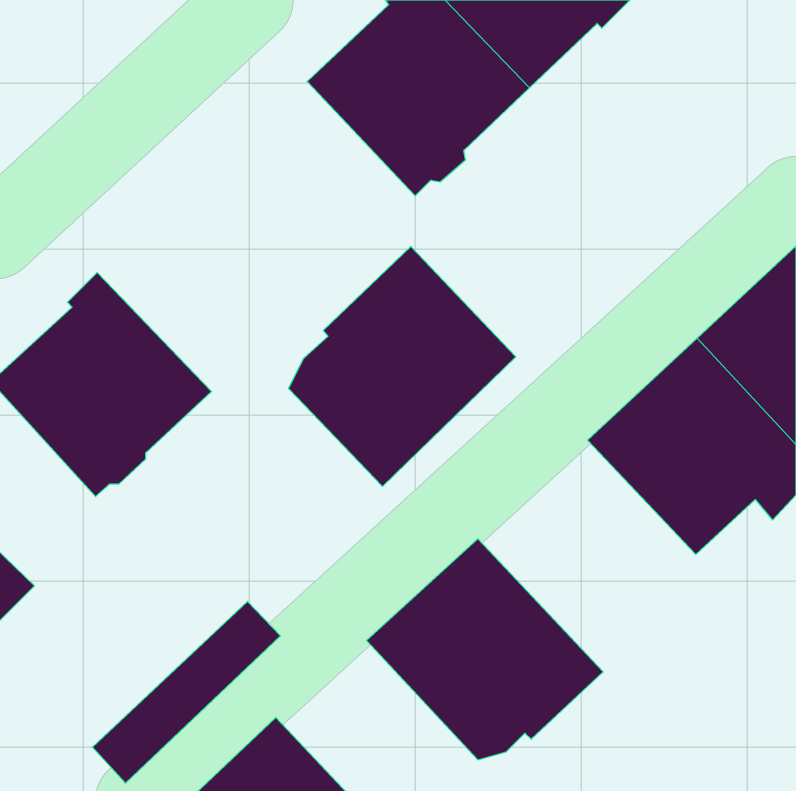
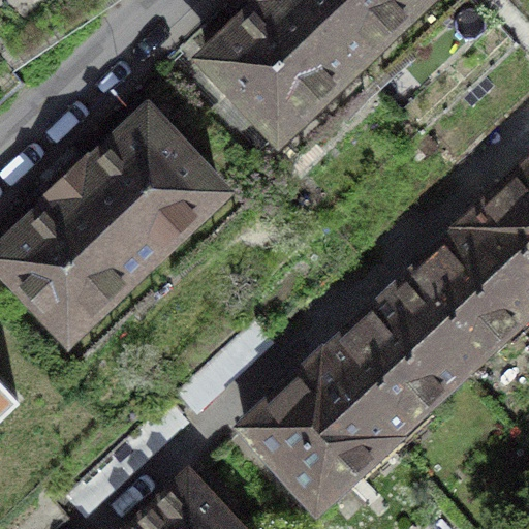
building: none -> [64,118,215,264]
building: [289,246,516,486] -> none
building: none -> [315,297,459,449]

